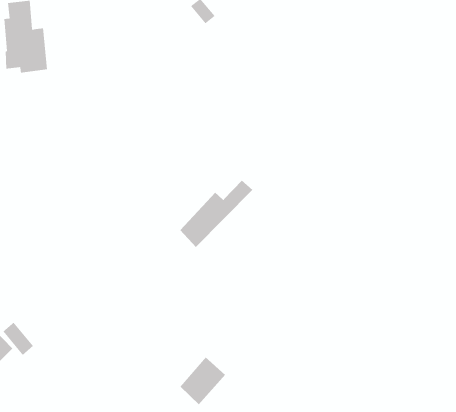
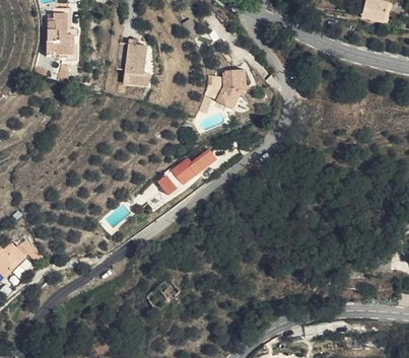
building: none -> [116,43,149,86]
building: none -> [213,71,244,111]

